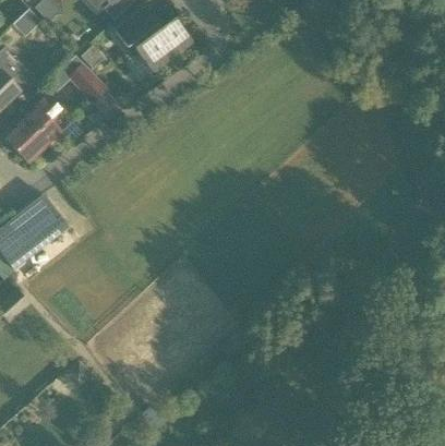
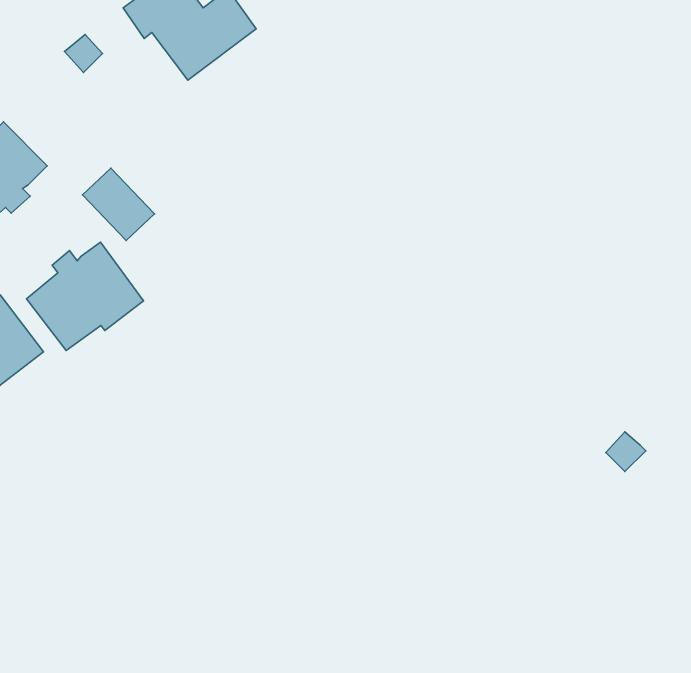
building: [67,61,108,103] -> [82,168,155,240]
building: none -> [27,242,144,350]

